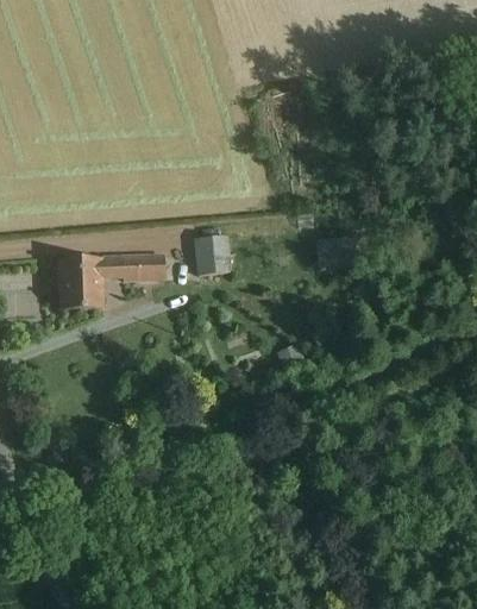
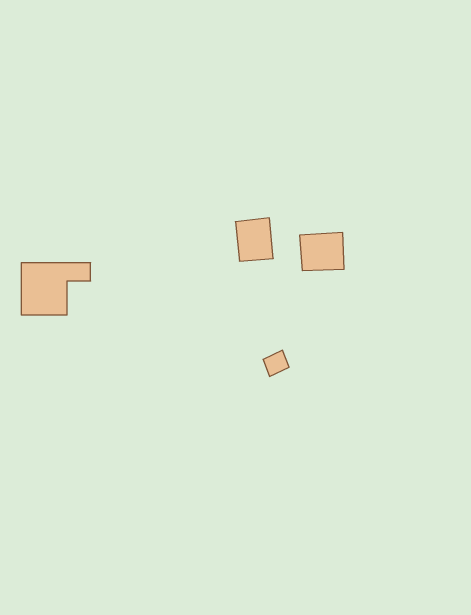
building: [193,233,227,272] -> [235,218,273,261]
building: [121,257,161,281] -> none

